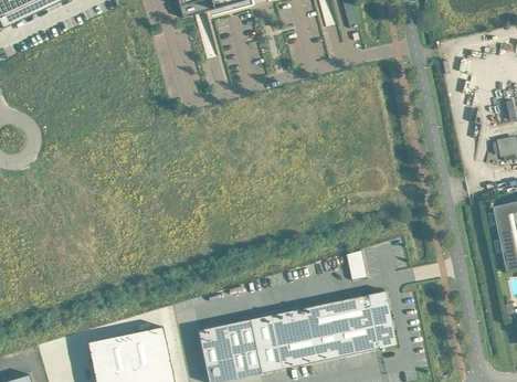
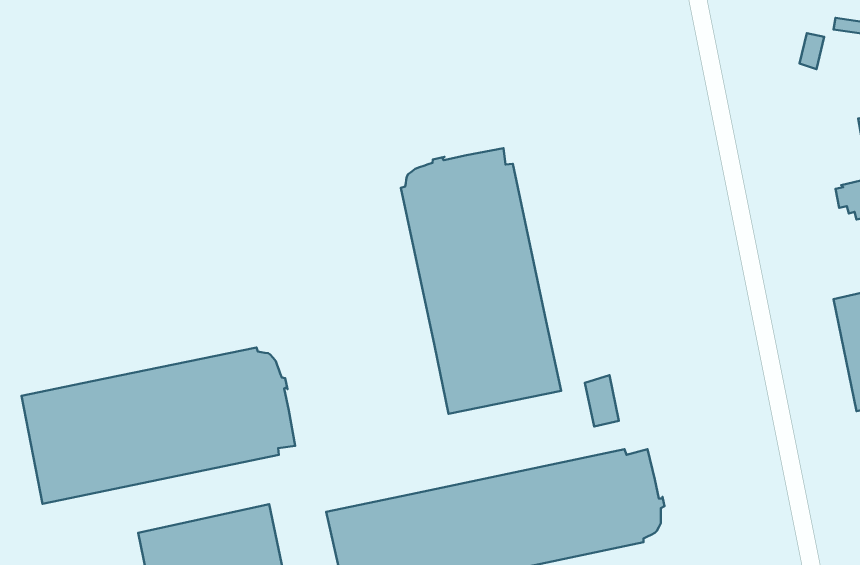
building: none -> [401,148,561,414]
building: none -> [21,348,295,504]

